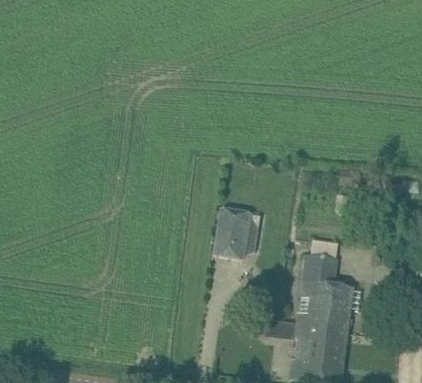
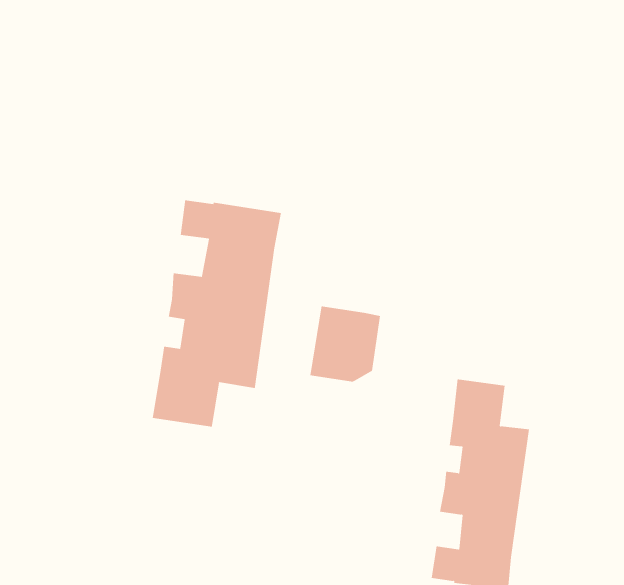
building: none -> [152,200,281,427]

